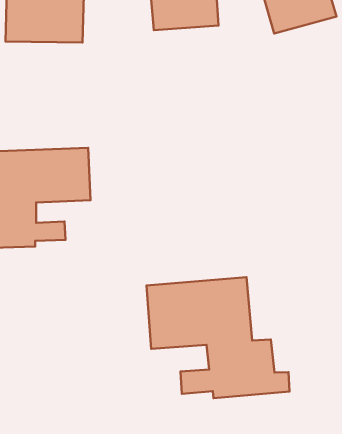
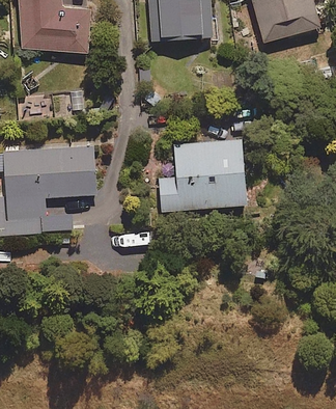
building: none -> [158,138,247,211]
building: [146,277,289,398] -> none

